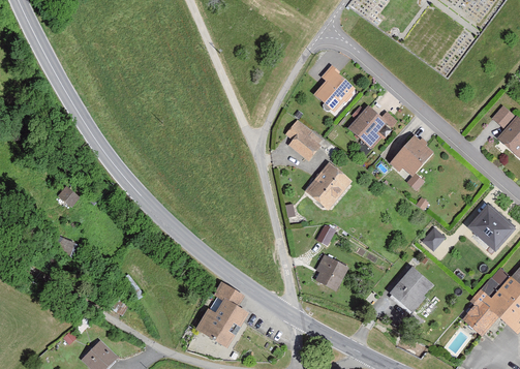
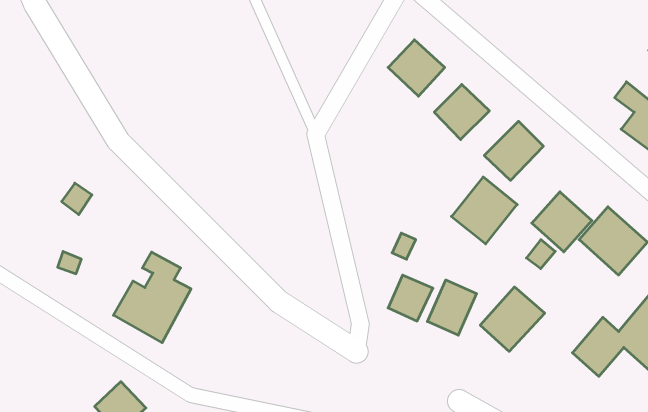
building: [281,115,324,156] -> none
building: [303,160,355,213] -> [451,177,517,244]
building: none -> [532,192,592,252]
building: none -> [427,280,477,335]
building: [192,282,253,353] -> [113,252,191,343]

